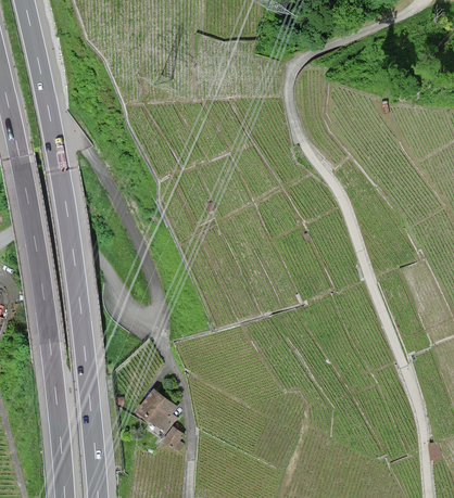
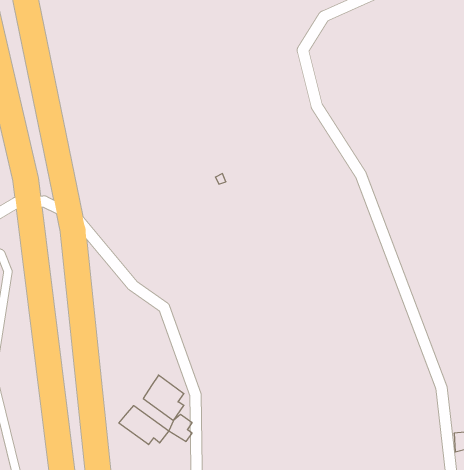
building: none -> [119,406,169,445]

